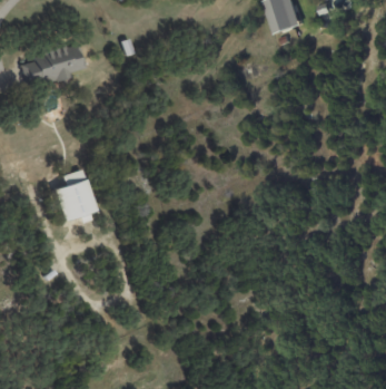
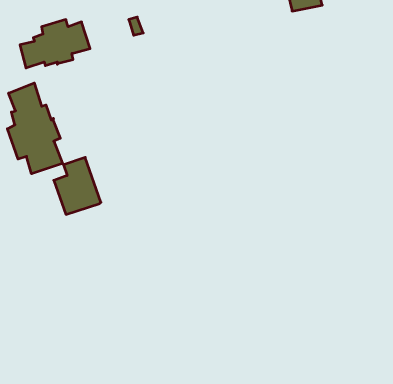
building: none -> [7,83,62,174]

